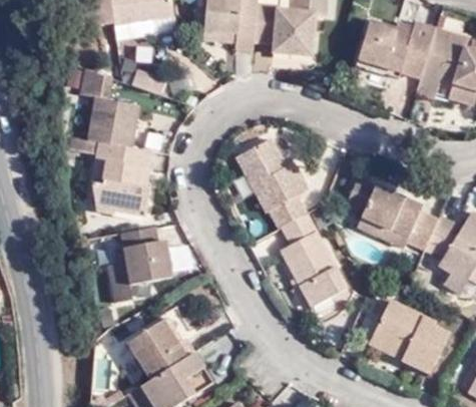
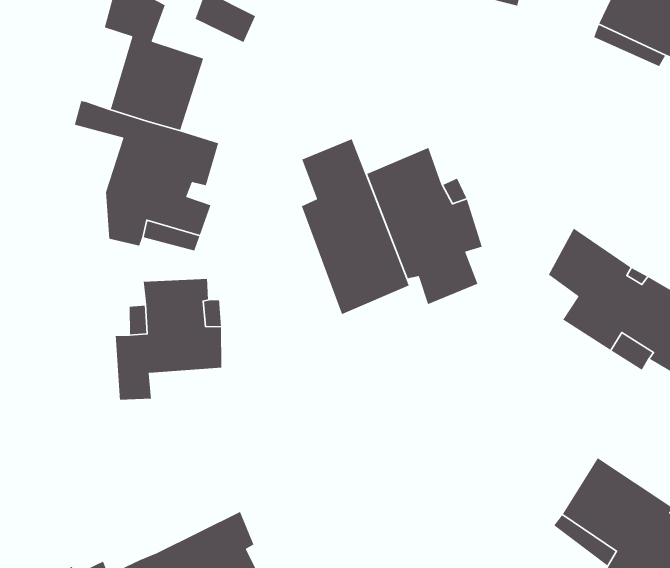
building: [281,213,350,312] -> [301,138,410,315]
building: [124,325,190,384] -> none

